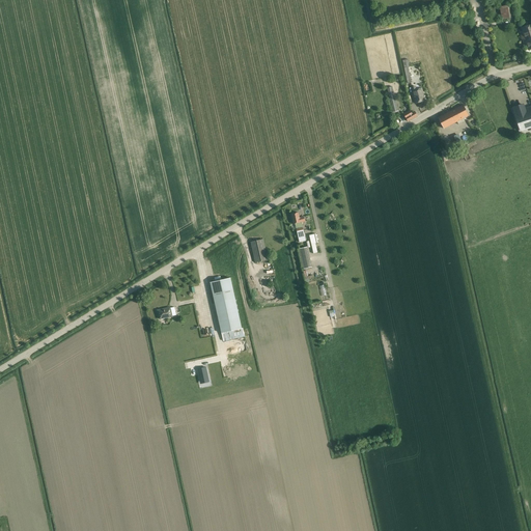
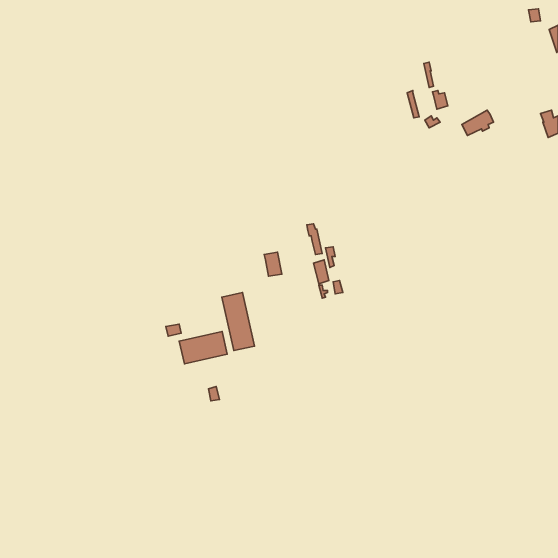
building: none -> [179,332,227,364]

